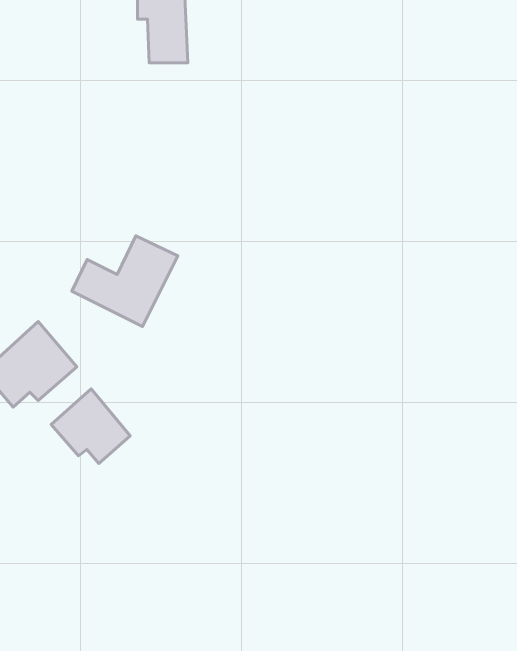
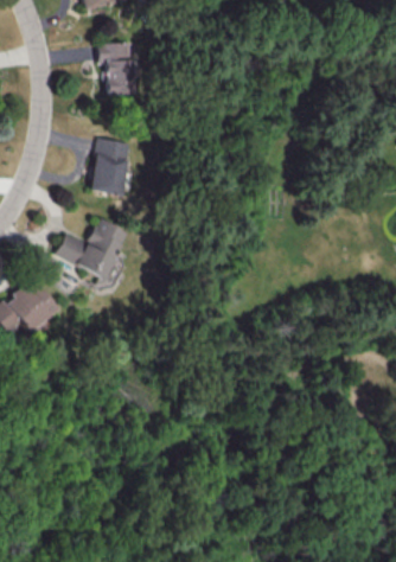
building: none -> [91,138,130,196]
building: [51,389,130,464] -> none

